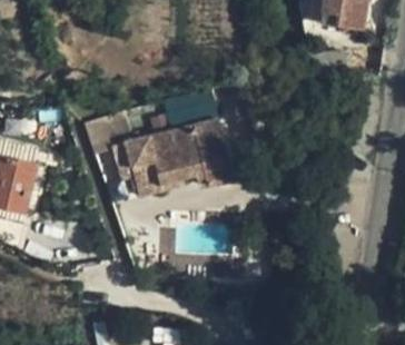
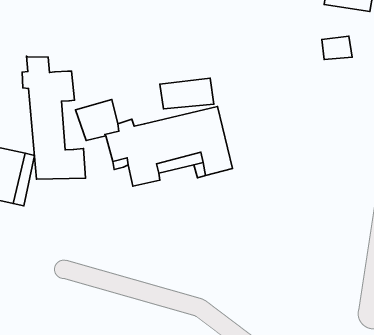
building: none -> [22,56,86,179]

